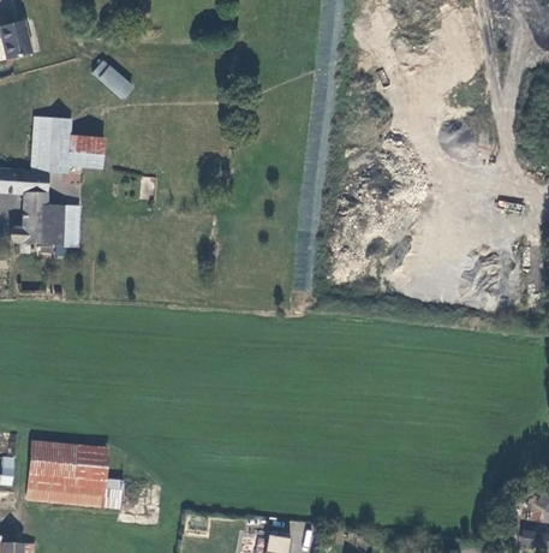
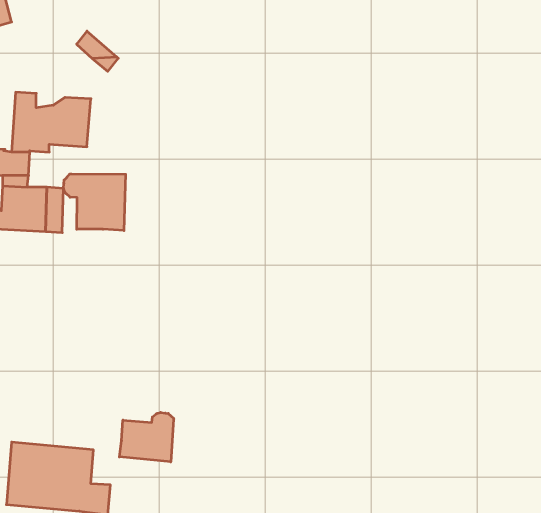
building: none -> [64,174,126,231]
building: none -> [119,412,174,462]

